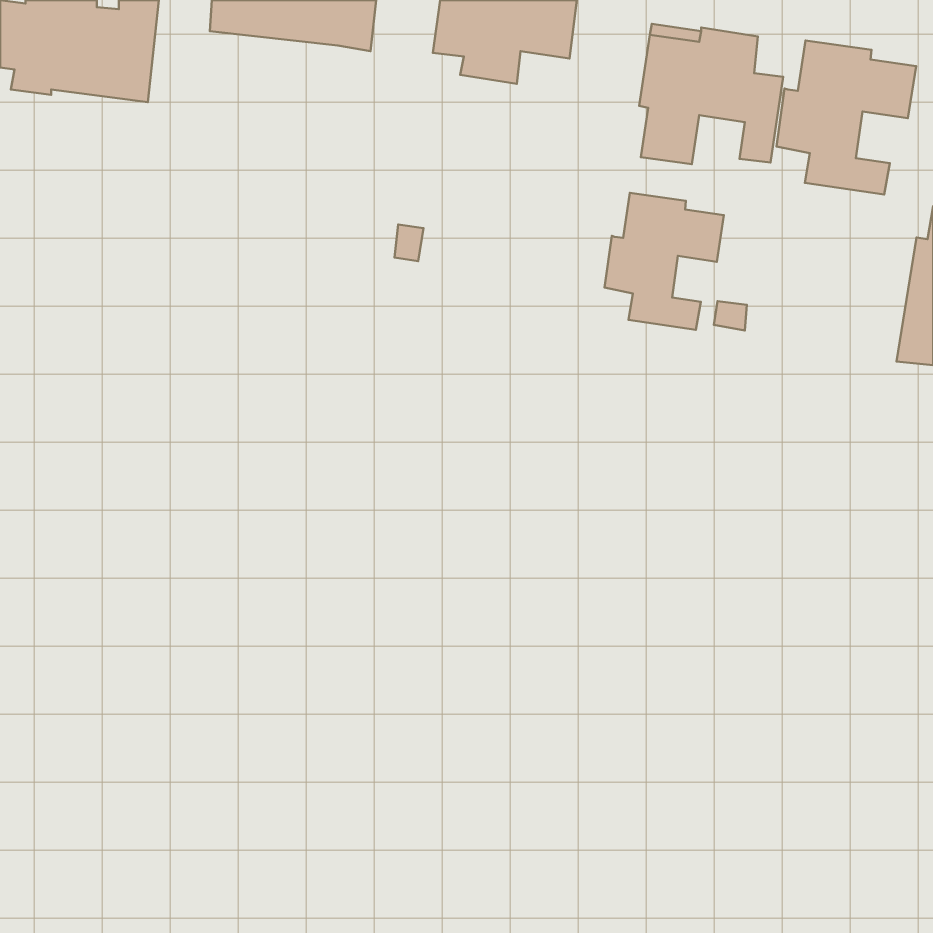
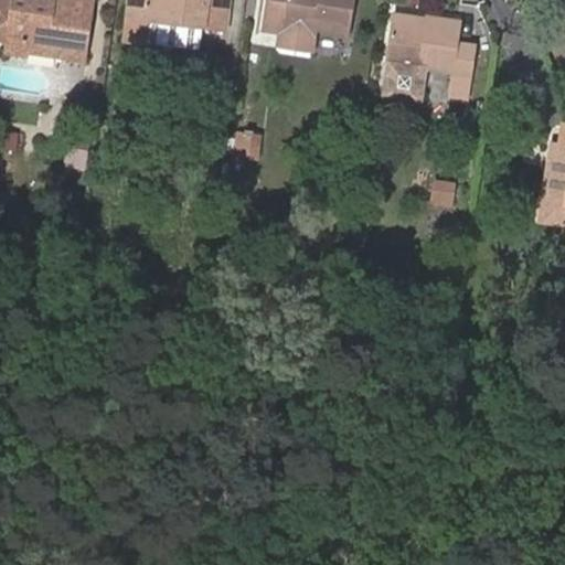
building: [776,40,916,195] -> none
building: [605,193,724,330] -> none

